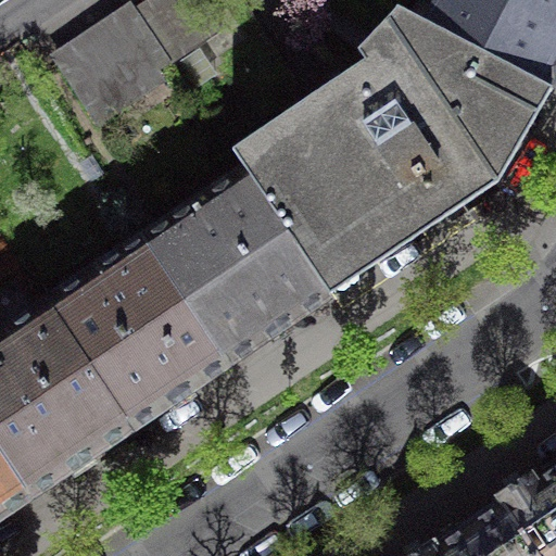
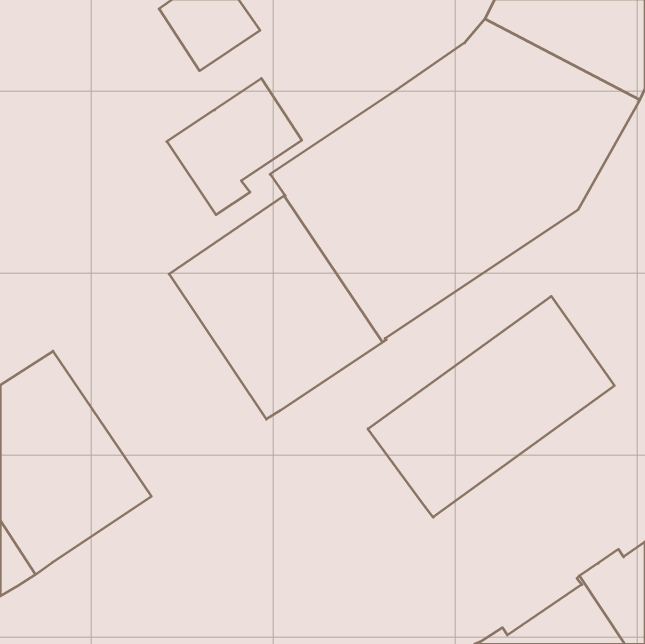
building: [55,8,172,125] -> [167,78,302,215]
building: [46,236,229,427] -> none
building: none -> [368,296,614,517]

